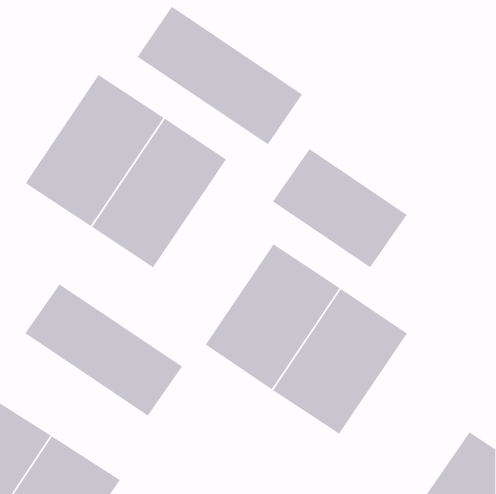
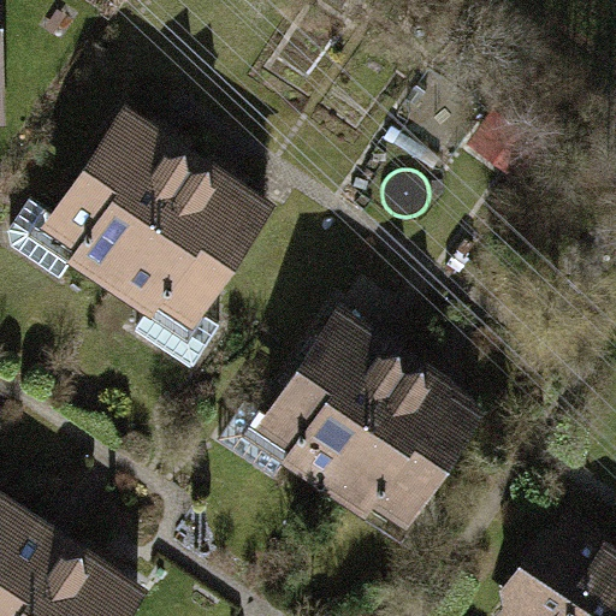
building: [137,6,303,145] -> none
building: [272,148,408,268] -> none
building: [25,283,183,416] -> none

